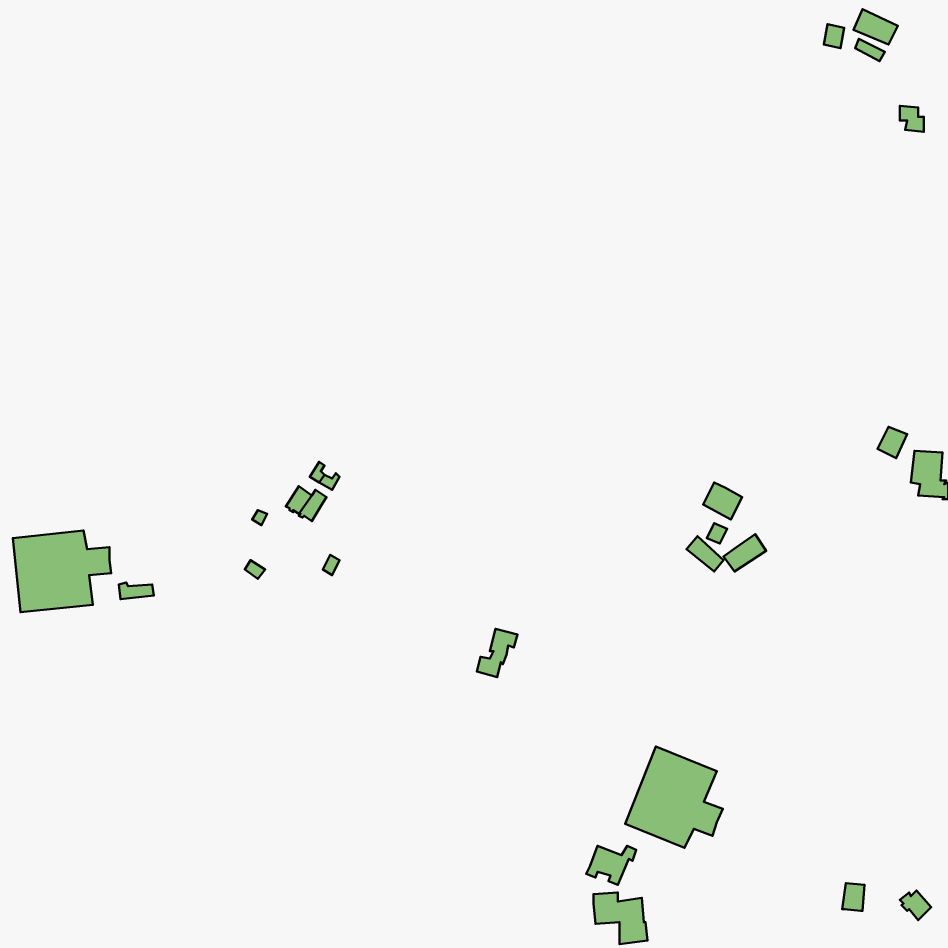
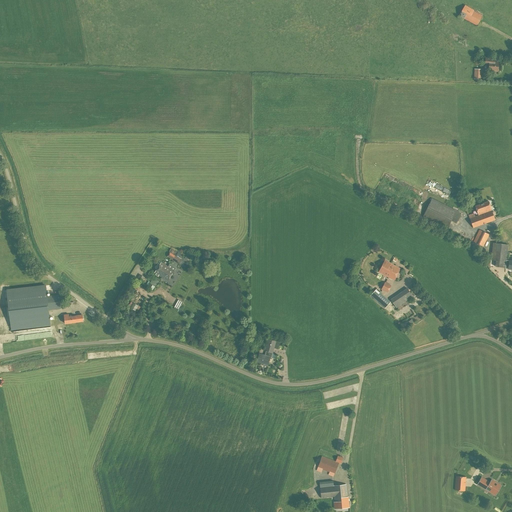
building: none -> [422,198,461,229]
building: none -> [468,202,495,228]
building: [625,747,723,848] -> none

